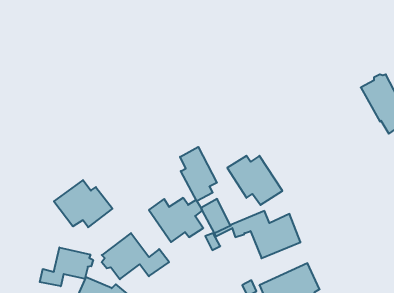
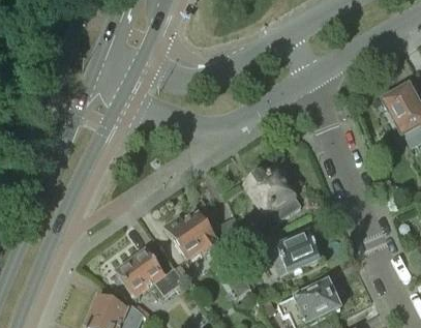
building: [180,147,217,201] -> none
building: [54,180,112,227] -> none
building: [40,247,93,286] -> none

